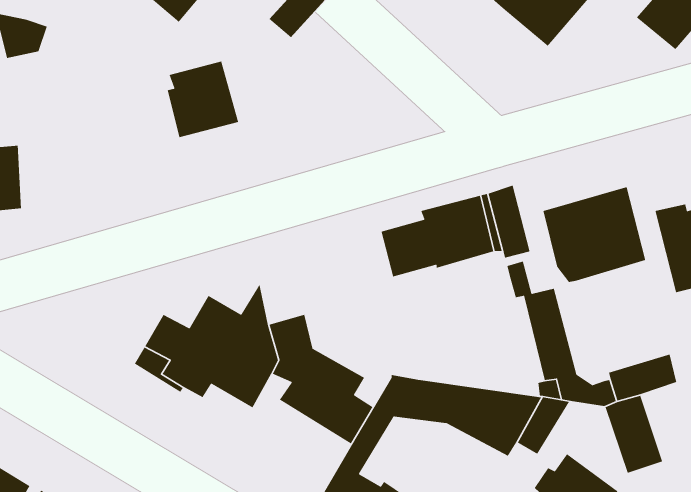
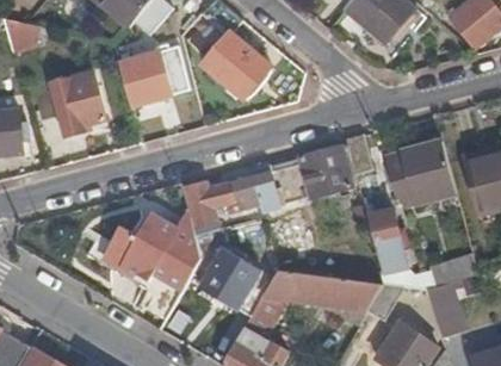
building: none -> [203,33,271,99]
building: none -> [48,72,105,136]
building: none -> [180,163,278,234]

